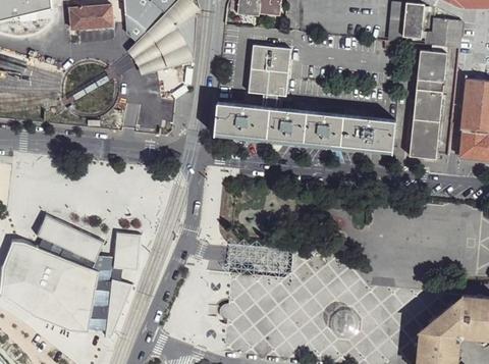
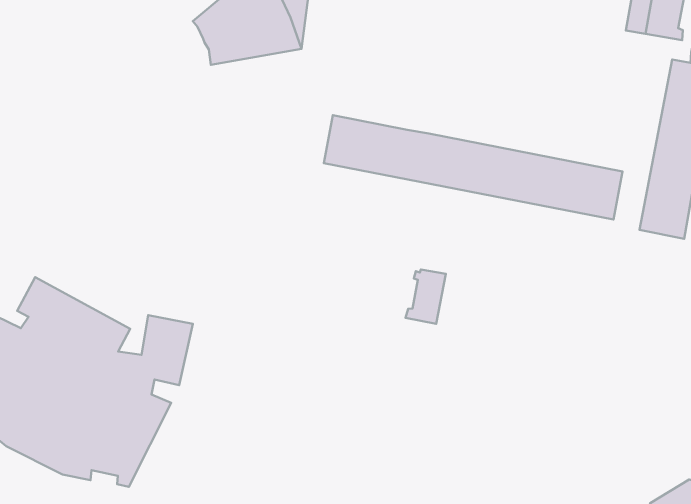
building: [249,46,290,108] -> none
building: none -> [406,269,446,324]

